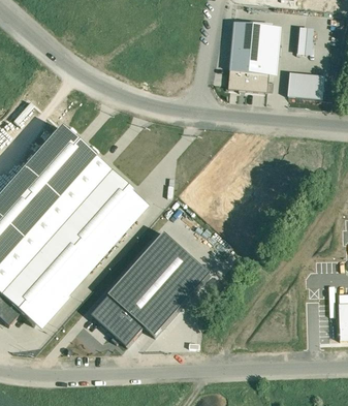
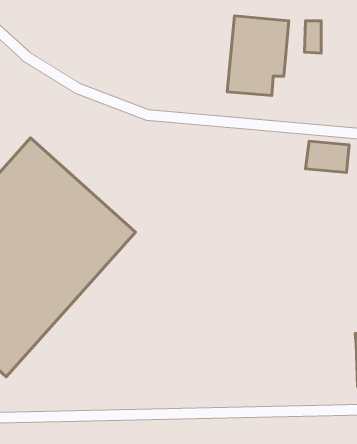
building: [287,70,324,97] -> [306,141,349,173]
building: [86,228,209,347] -> none

